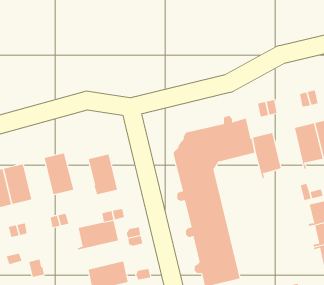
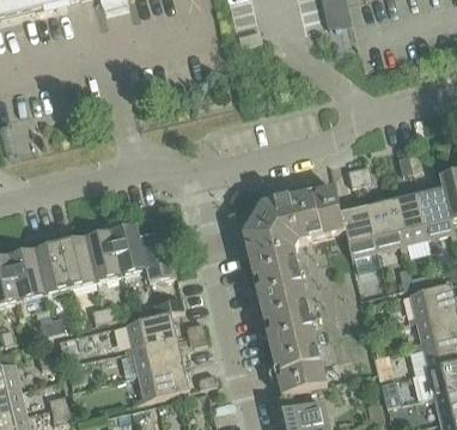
building: none -> [365,198,403,250]
building: none -> [109,223,146,274]
building: none -> [59,235,95,286]
building: none -> [124,337,182,373]

